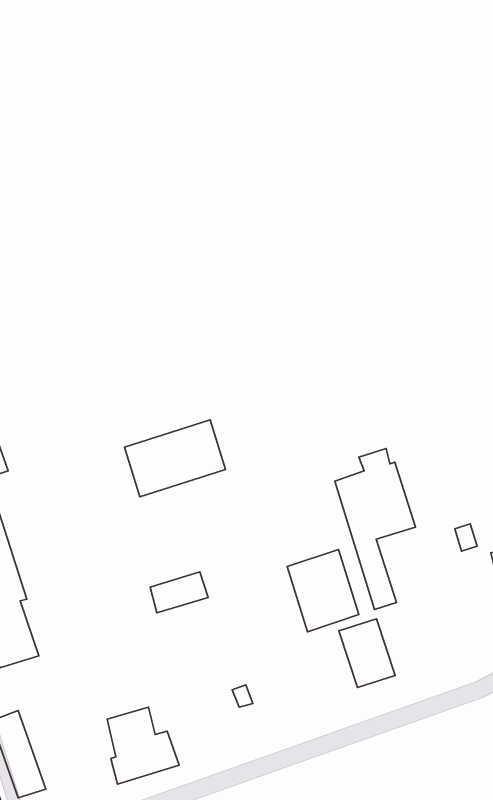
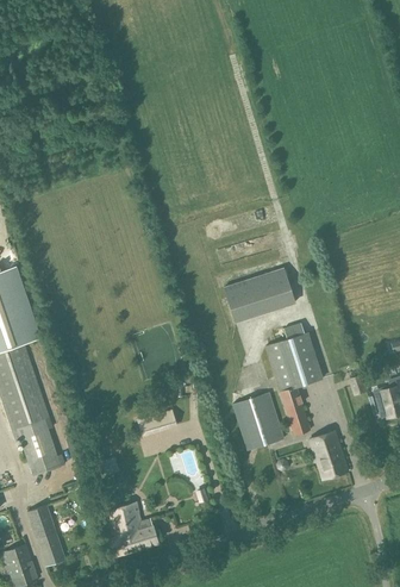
building: [125,420,226,497] -> [225,268,295,321]
building: [339,619,395,687] -> [310,431,349,479]

